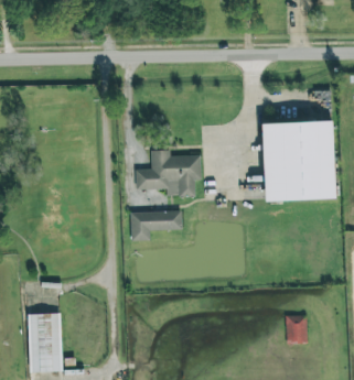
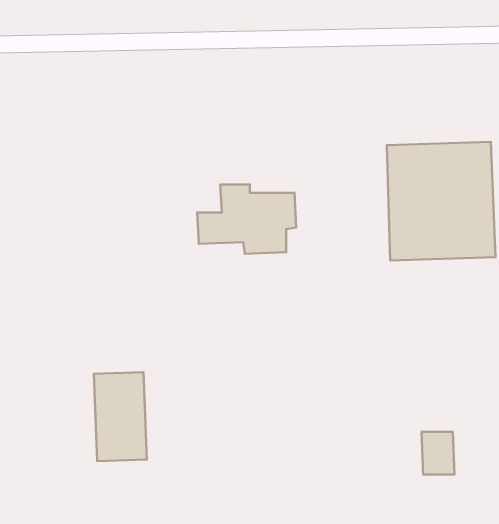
building: [130,210,182,240] -> none
building: [28,313,63,372] -> [94,372,147,461]

